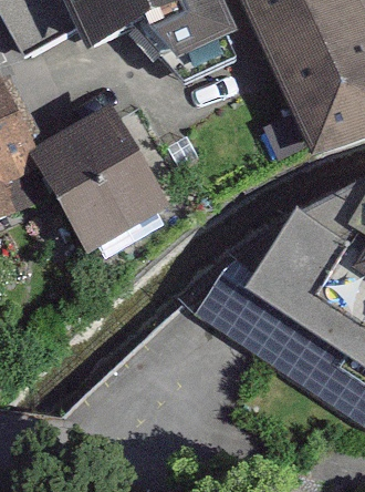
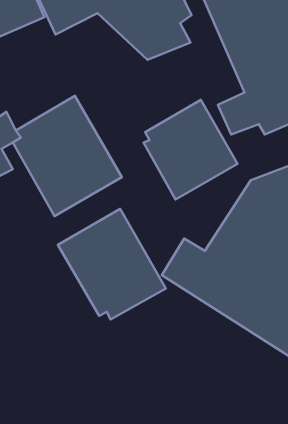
building: none -> [143,100,238,199]
building: none -> [58,209,166,320]

